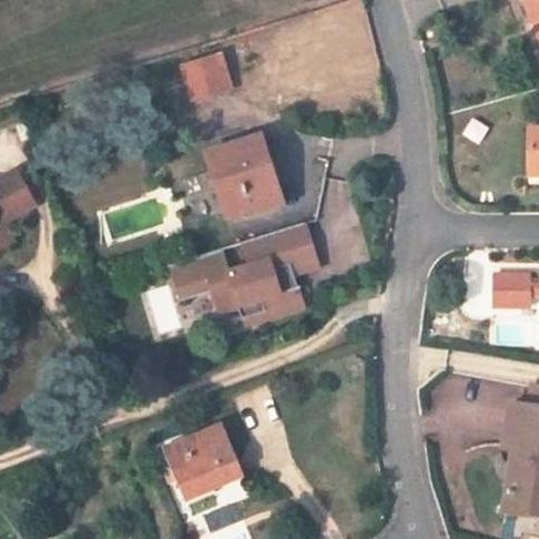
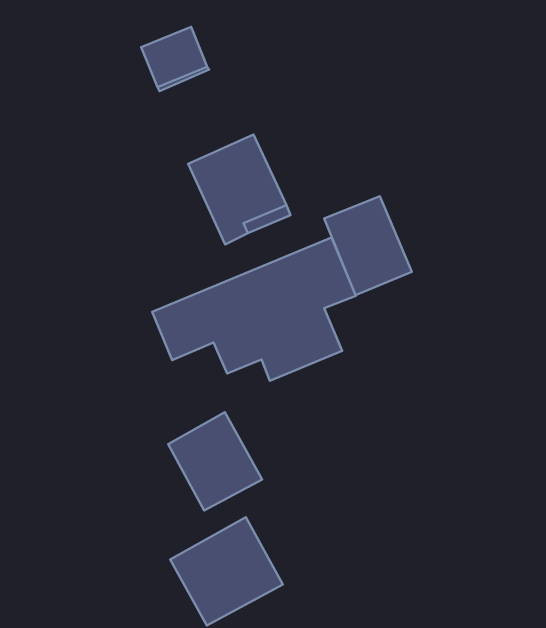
building: none -> [324,196,412,295]
building: none -> [168,412,262,511]

